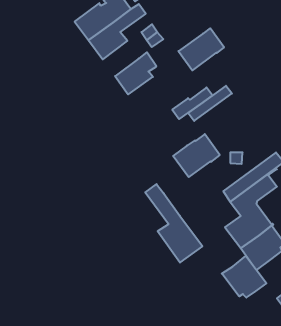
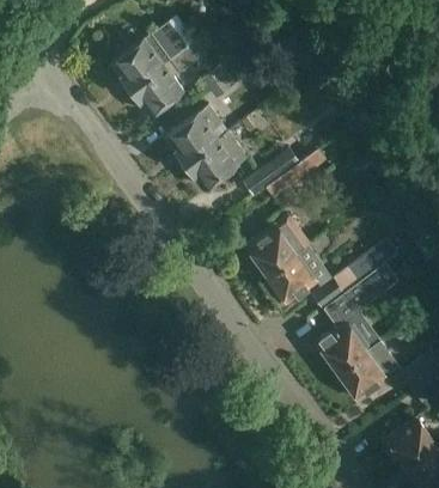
building: [178,28,224,70] -> [184,132,246,189]
building: none -> [267,254,317,305]
building: [145,184,202,263] -> none
building: [222,256,266,298] -> none

